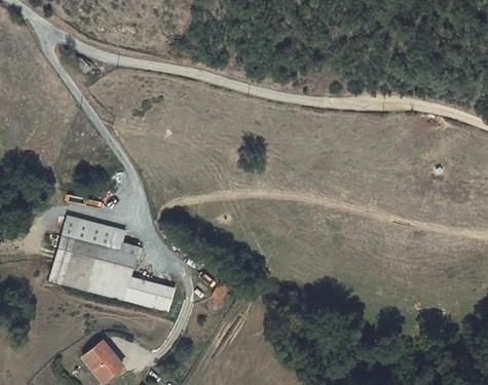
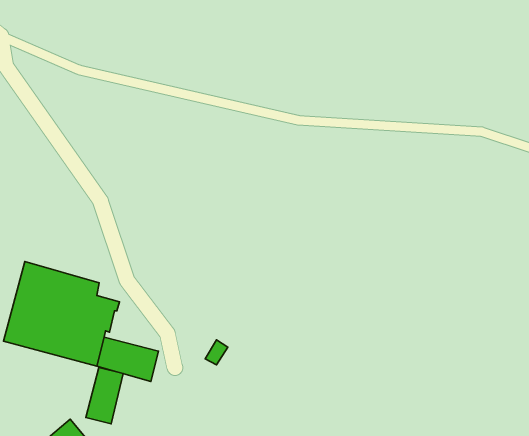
building: none -> [86,367,123,424]

